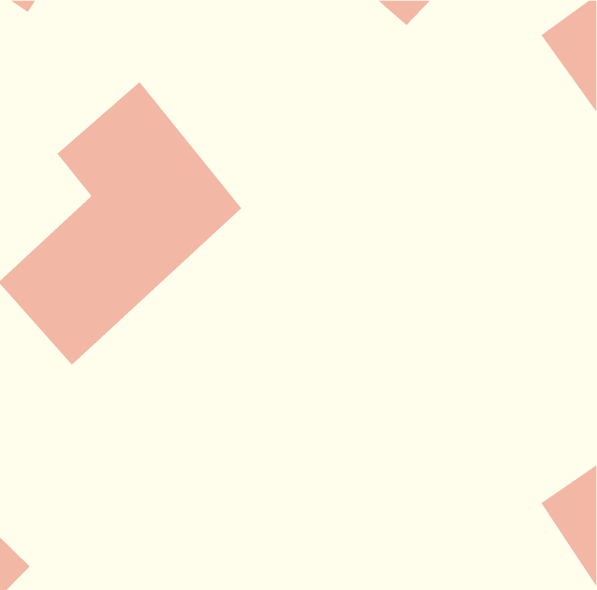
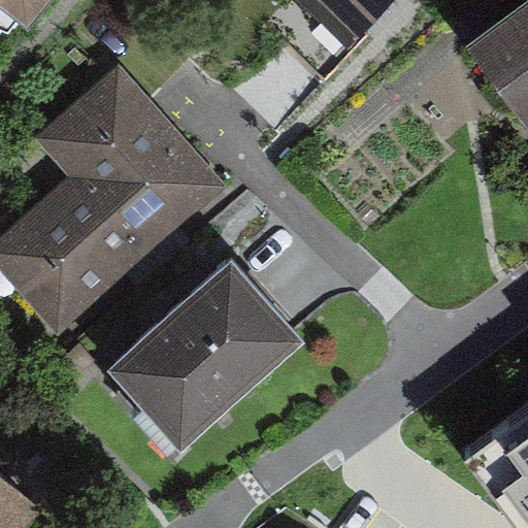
building: none -> [114,264,298,441]

